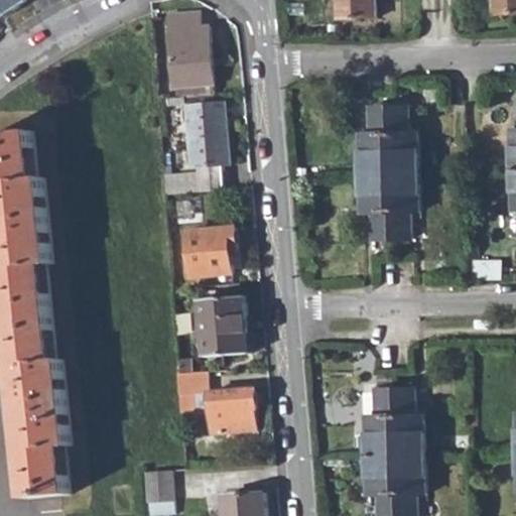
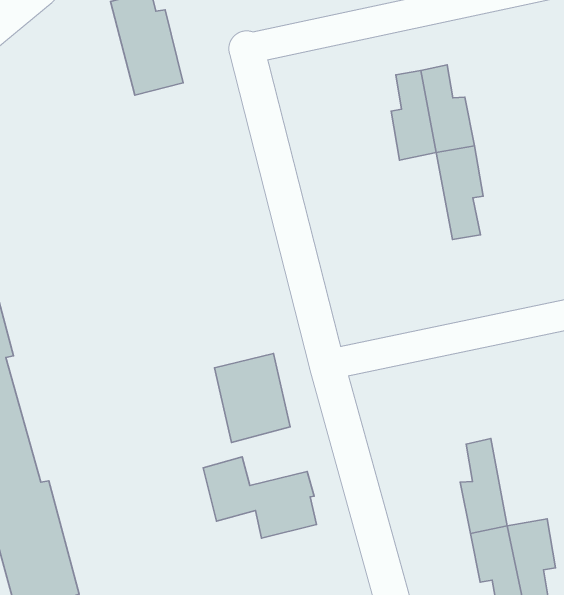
building: [159,104,224,195] -> none
building: [358,168,387,236] -> none
building: [185,227,231,277] -> none
building: [390,387,421,454] -> none

